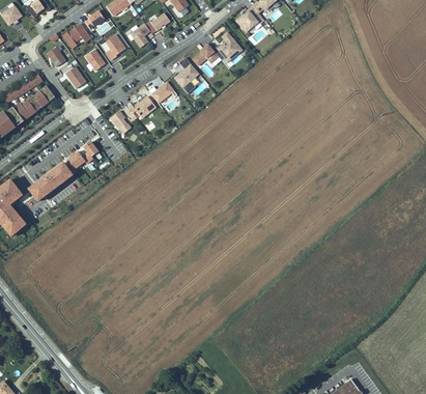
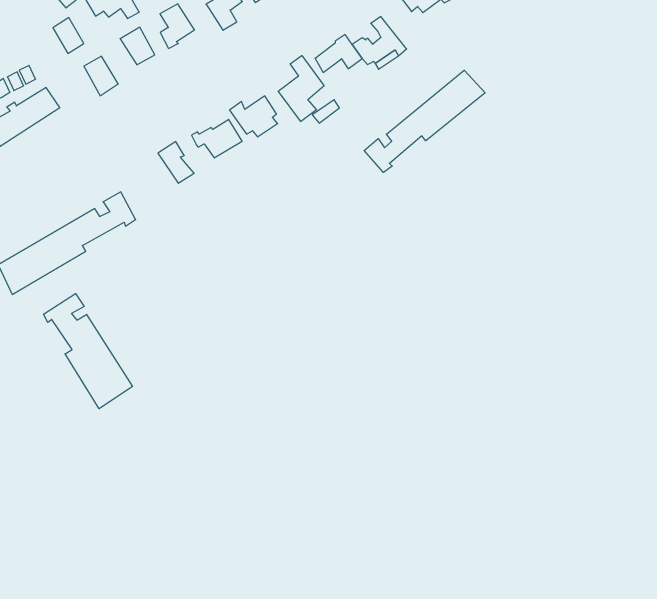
building: none -> [364,70,485,172]
building: none -> [44,294,132,409]

